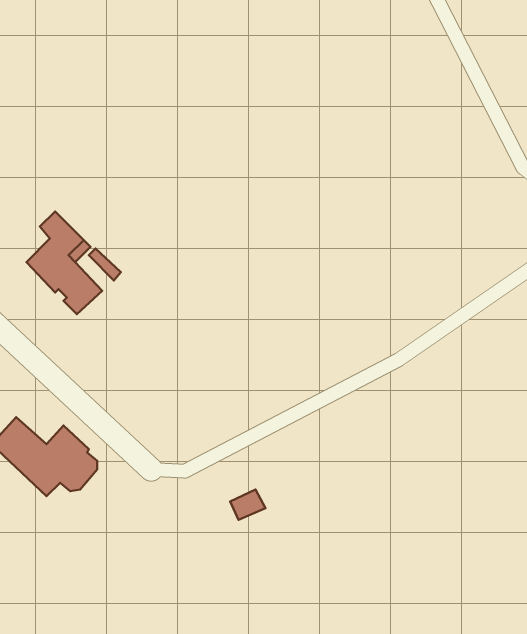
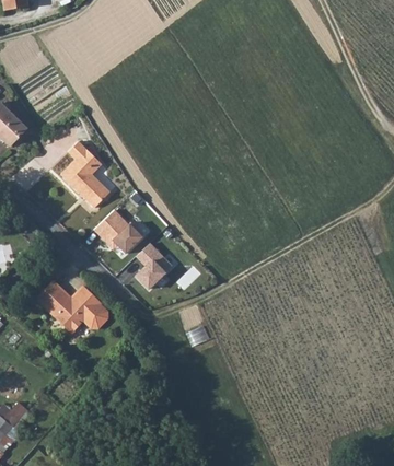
building: none -> [92,206,142,252]
building: none -> [132,241,171,288]

